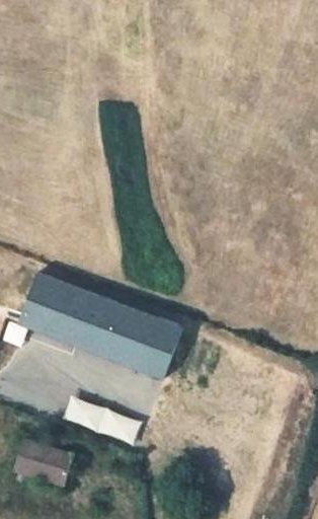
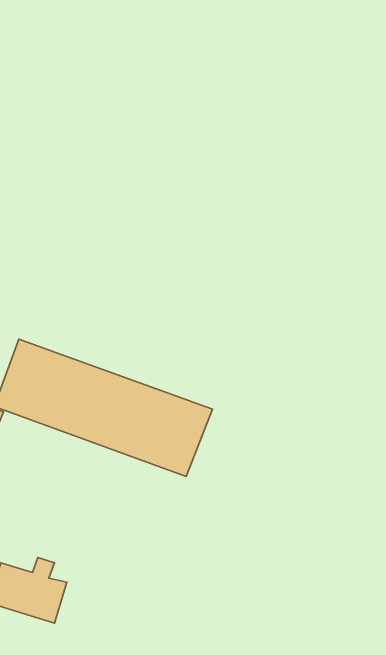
building: [64,397,139,444] -> none

